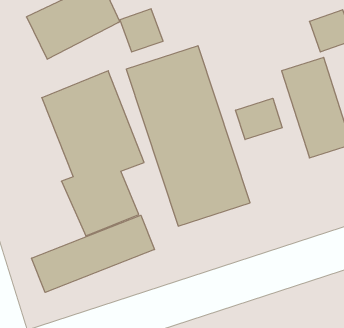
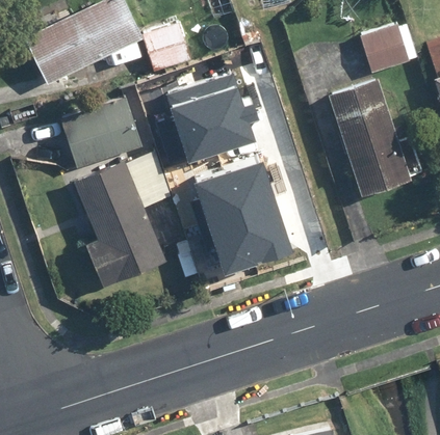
building: [236,98,282,140] -> none
building: [32,215,154,292] -> none

